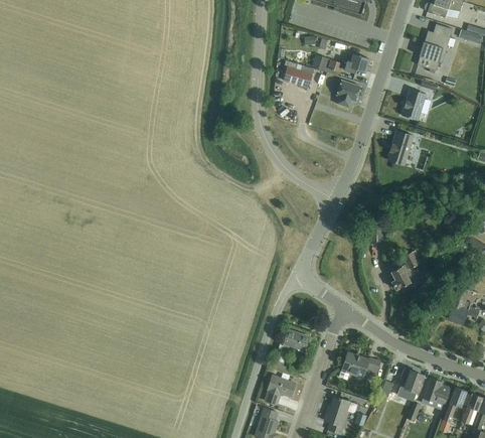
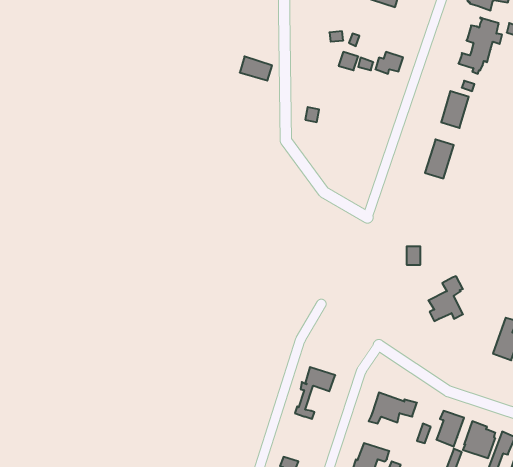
building: [285,66,313,88] -> [240,56,272,81]
building: [337,81,361,108] -> none
building: [266,374,296,405] -> none

